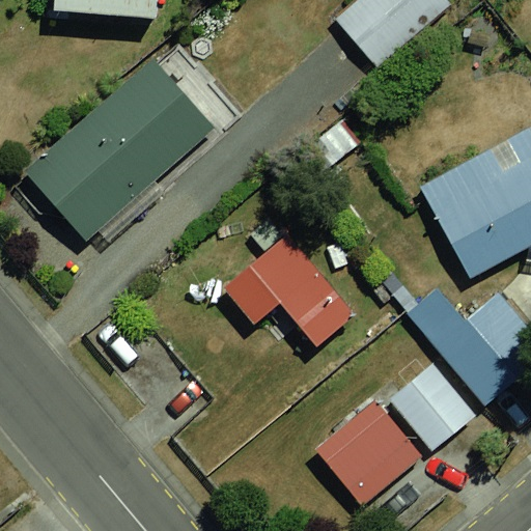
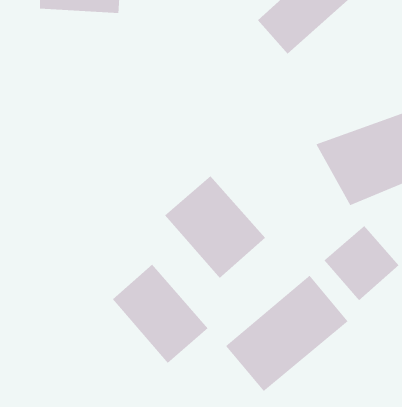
building: [26,57,221,242] -> none
building: none -> [112,264,209,364]

